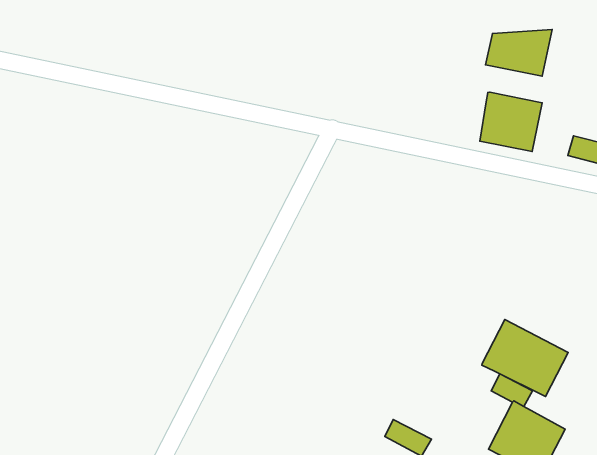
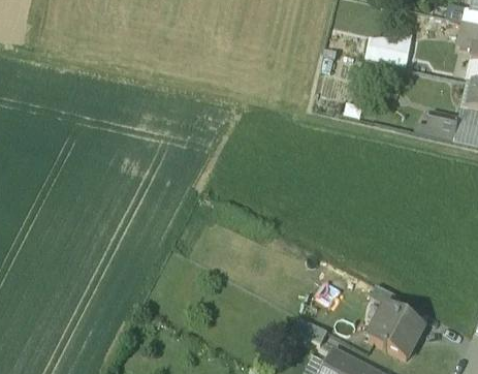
building: [480,92,542,152] -> none
building: [482,320,568,397] -> none

